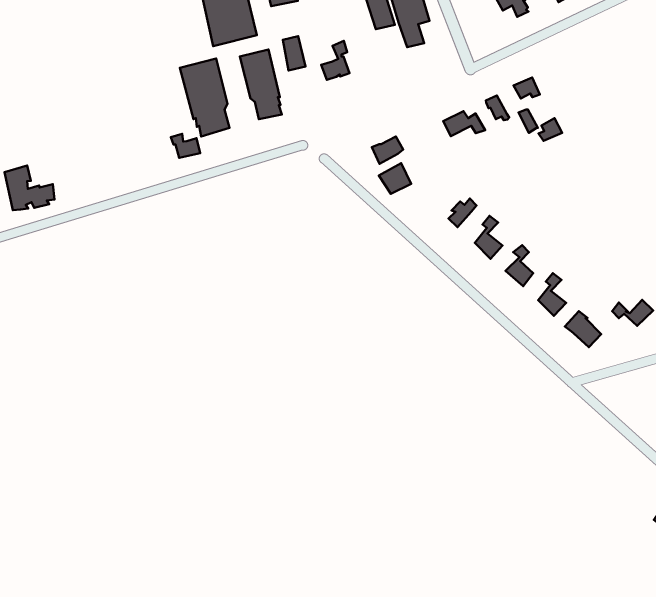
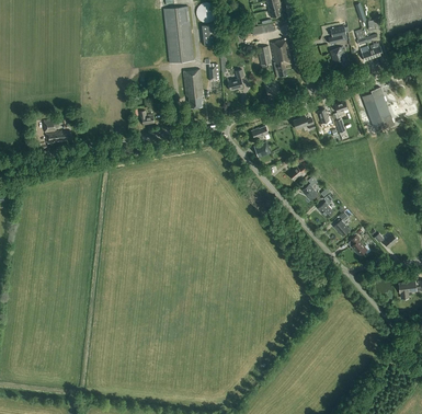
building: none -> [362,88,395,130]
building: [180,59,230,136] -> none

